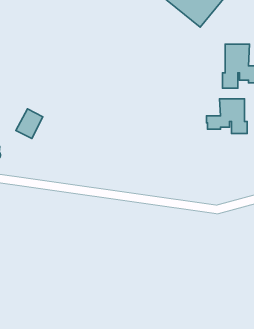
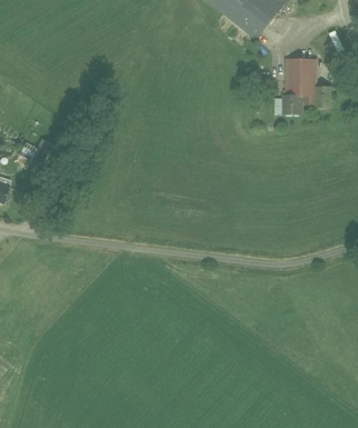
building: [207,99,247,133] -> none

